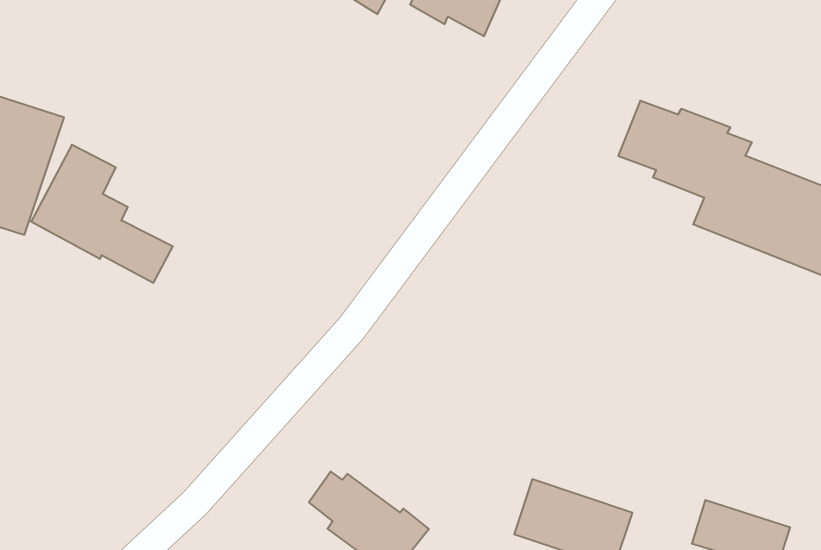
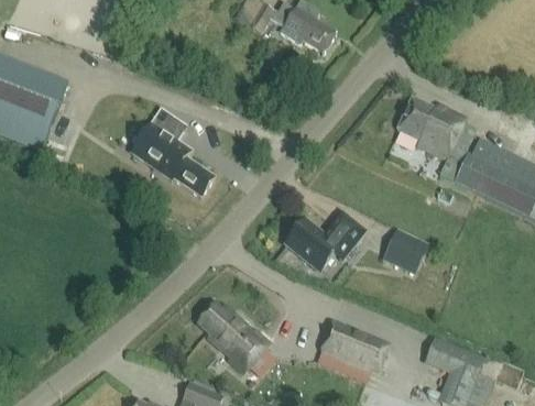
building: [31,145,173,283] -> [130,106,214,191]
building: none -> [290,212,364,266]
building: none -> [382,229,430,275]

